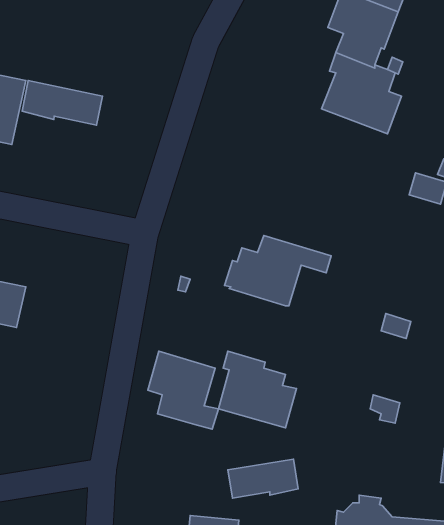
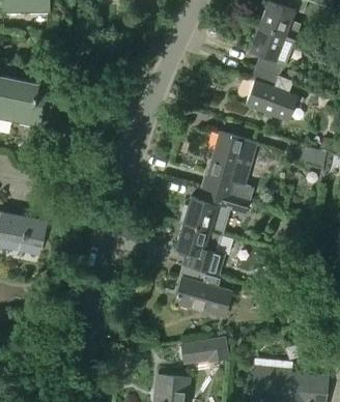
building: [22,81,103,125] -> none
building: none -> [205,132,255,201]
building: [148,351,218,429] -> [175,223,222,275]

